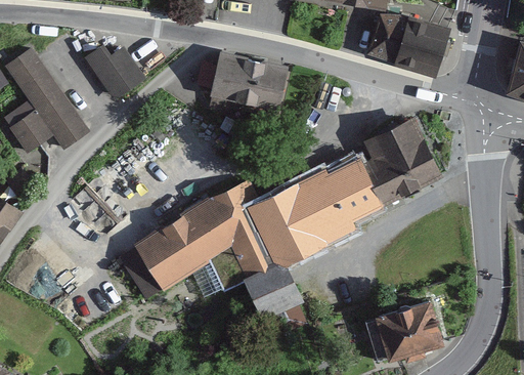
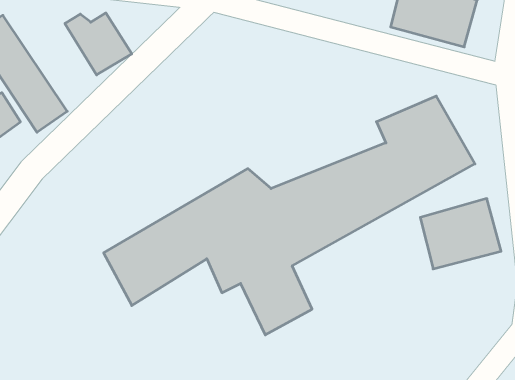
building: [211,52,290,110] -> none
building: [372,298,442,360] -> [420,199,501,269]

